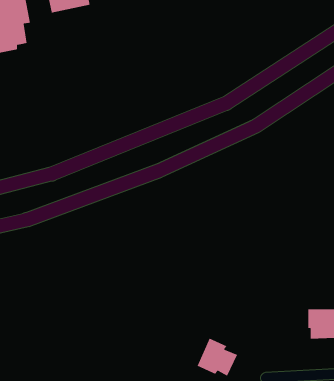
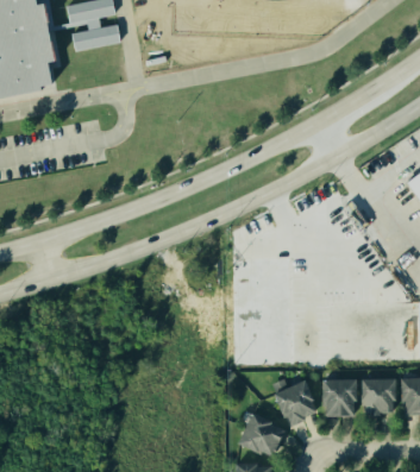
building: none -> [272,376,315,426]
building: none -> [322,379,357,417]

